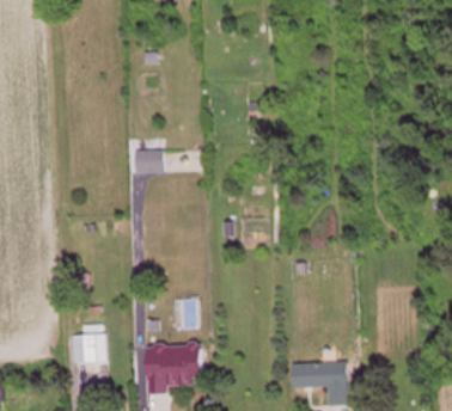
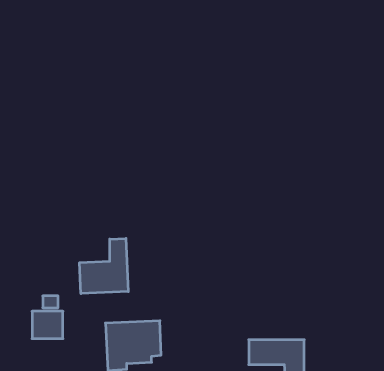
building: [134,151,163,173] -> none
building: none -> [80,238,128,294]

